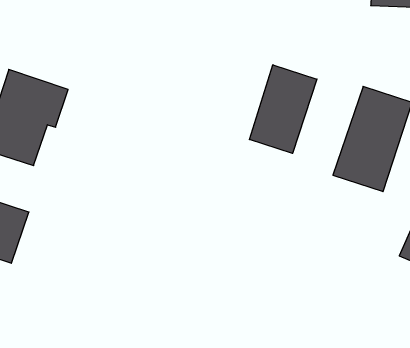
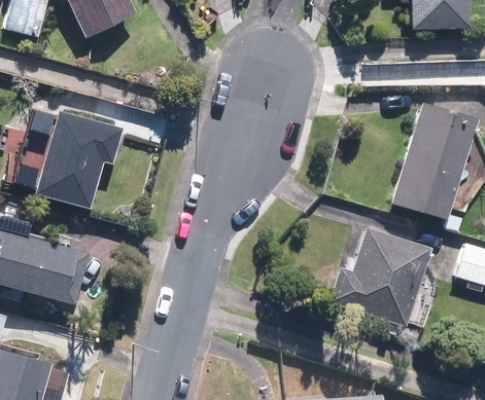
building: [249,65,317,153] -> none
building: none -> [337,231,431,321]

